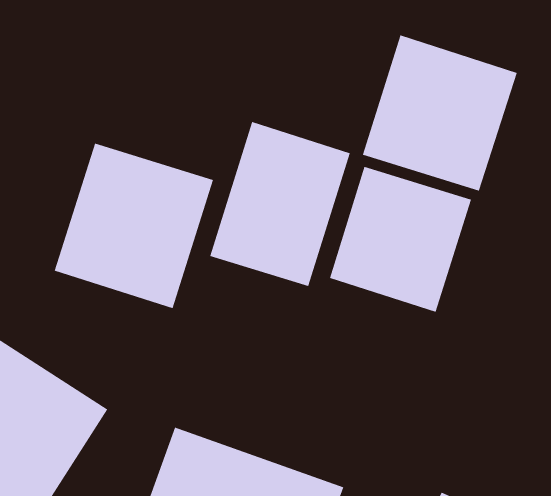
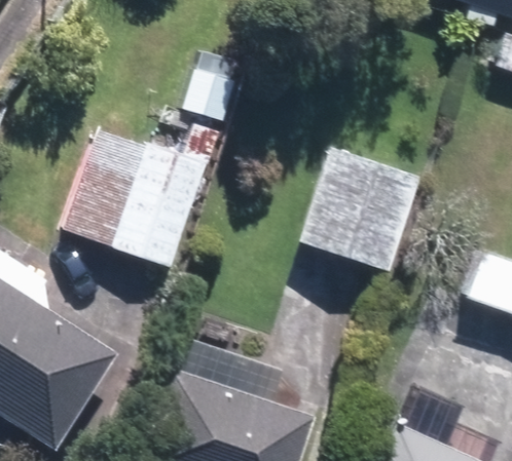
building: [362,34,517,191] -> none
building: [209,121,350,287] -> none

